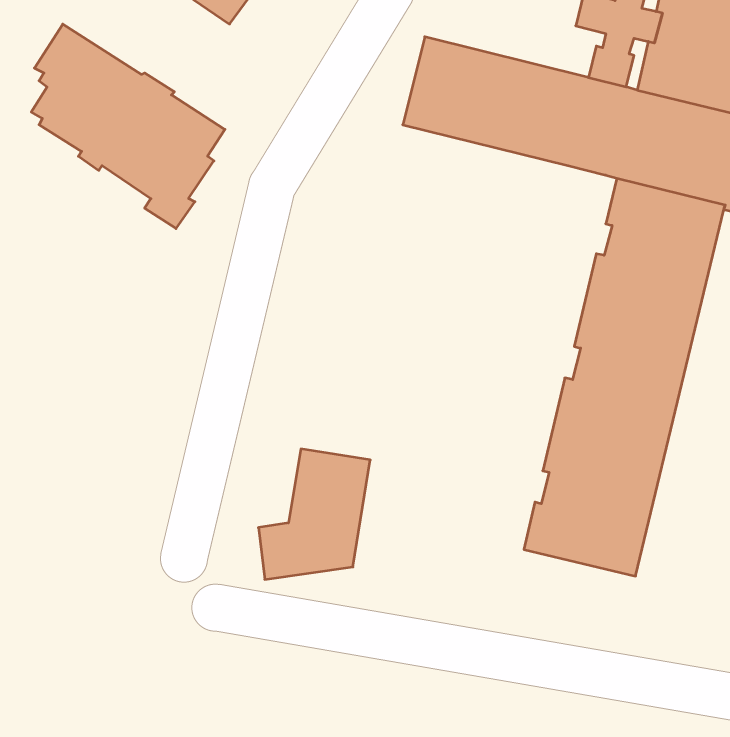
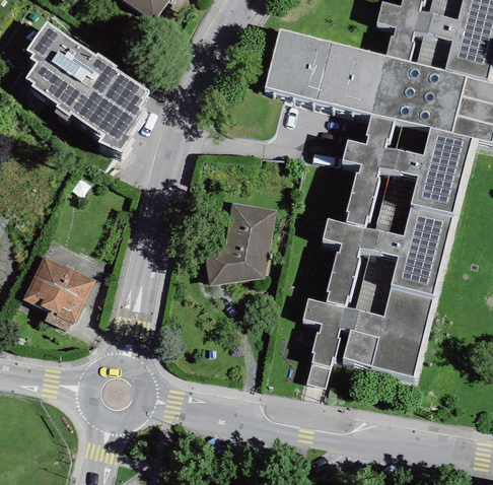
building: none -> [303,113,400,389]
building: none -> [23,256,96,332]
building: [258,449,370,579] -> [205,202,277,286]

